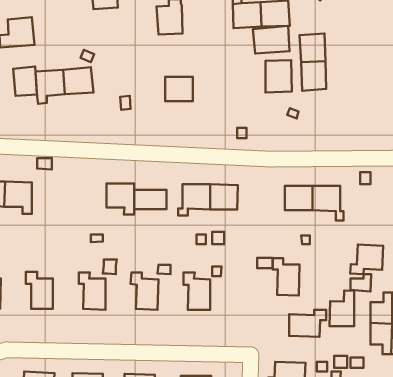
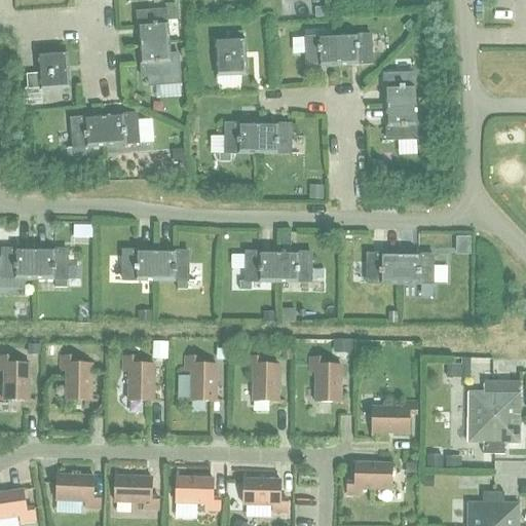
building: none -> [140,41,180,84]
building: [253,26,290,54] -> none
building: [266,60,292,92] -> none
building: [13,66,37,96] -> none
building: none -> [258,123,291,152]
building: none -> [122,249,155,278]
building: [134,190,166,209] -> none
building: [350,245,383,274] -> none
building: [273,258,300,296] -> [309,356,341,401]
building: [329,290,354,326] -> none

